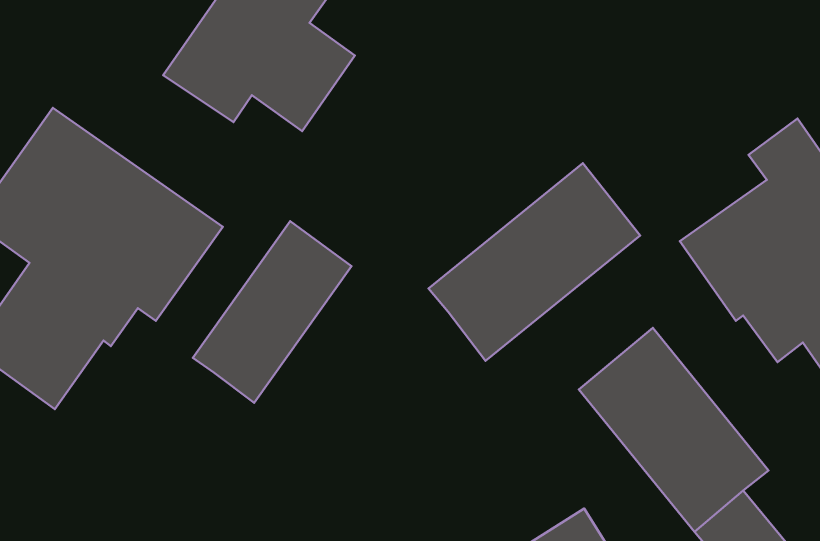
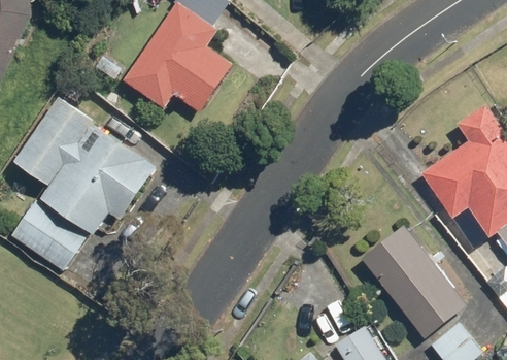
building: [428,163,640,361] -> none
building: [193,221,352,403] -> none

